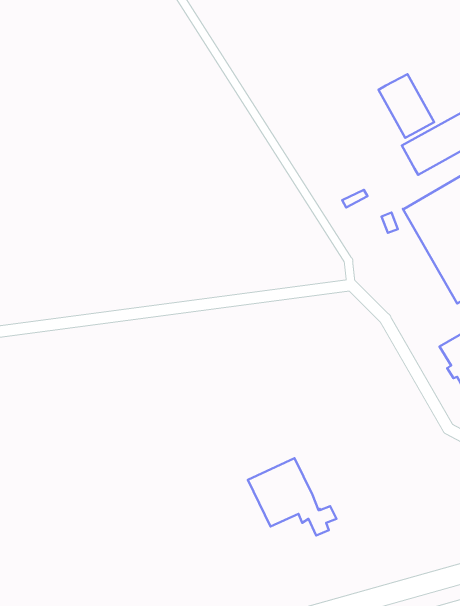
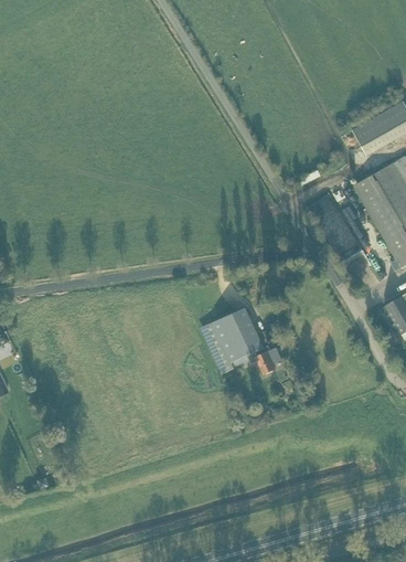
building: [379,74,434,138] -> none
building: [248,458,336,535] -> [203,306,280,373]

